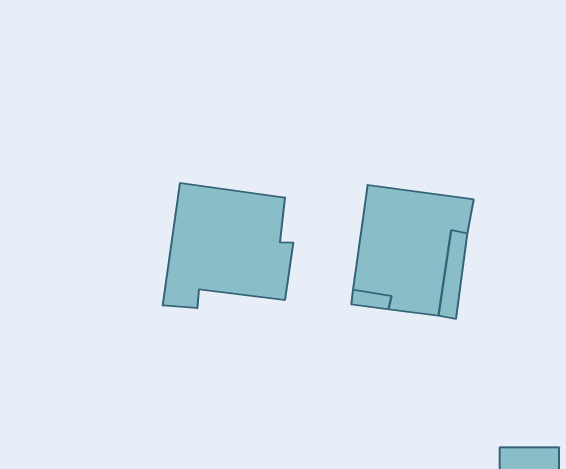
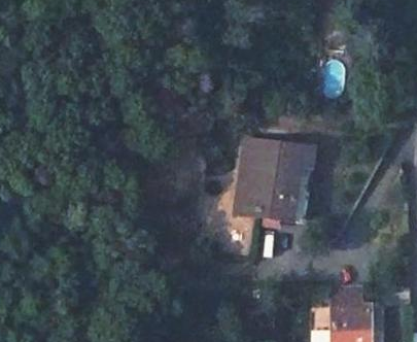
building: [163,183,293,308] -> none

